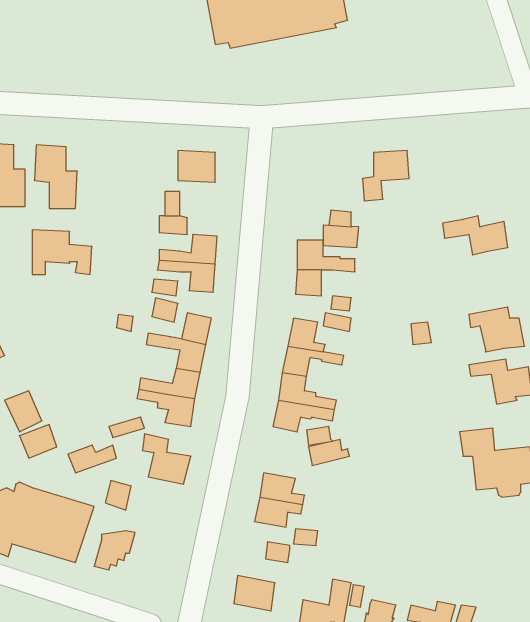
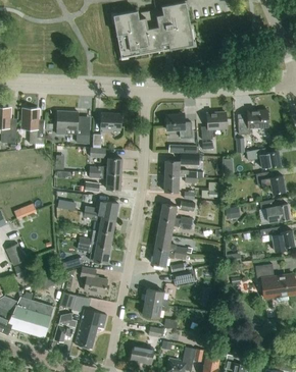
building: none -> [238,110,267,134]
building: none -> [165,115,192,138]
building: [32,230,92,274] -> [57,110,90,135]
building: none -> [254,172,285,194]
building: none -> [75,309,107,350]

